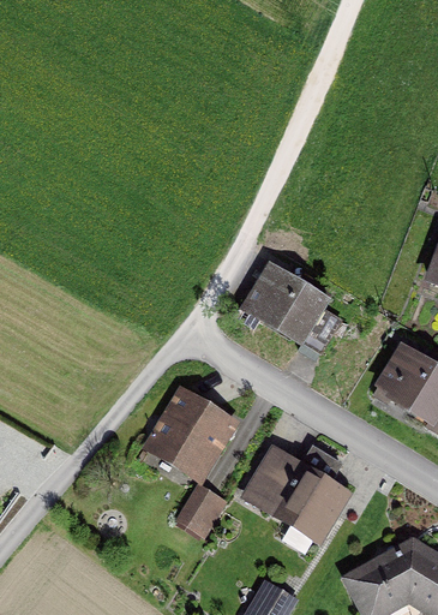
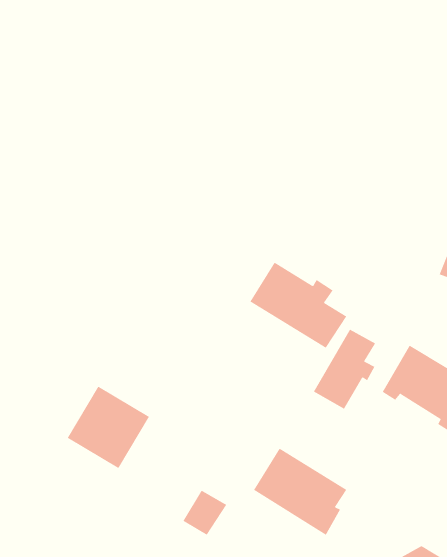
building: none -> [313,329,376,410]
building: [150,393,230,473] -> [67,386,150,469]

